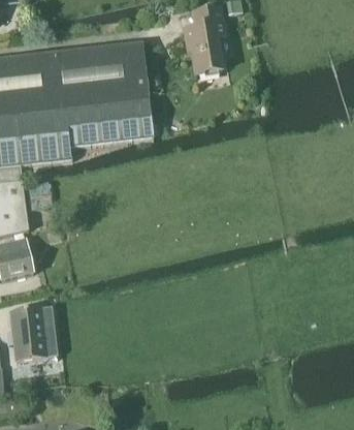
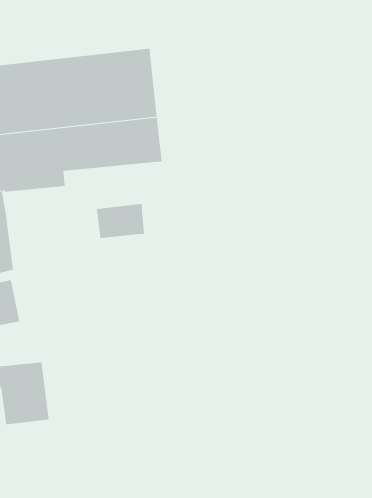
building: [188,6,225,73] -> none
building: none -> [96,203,145,239]

